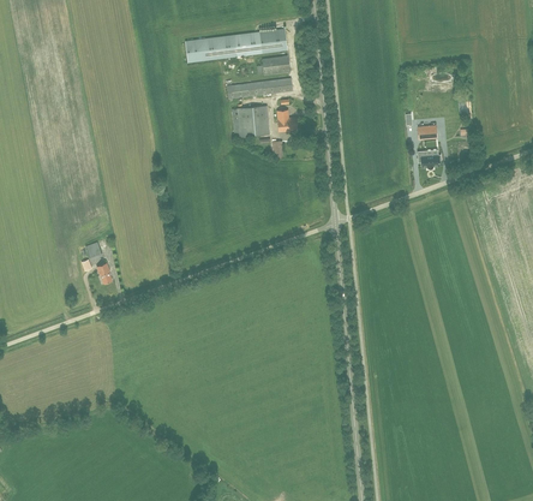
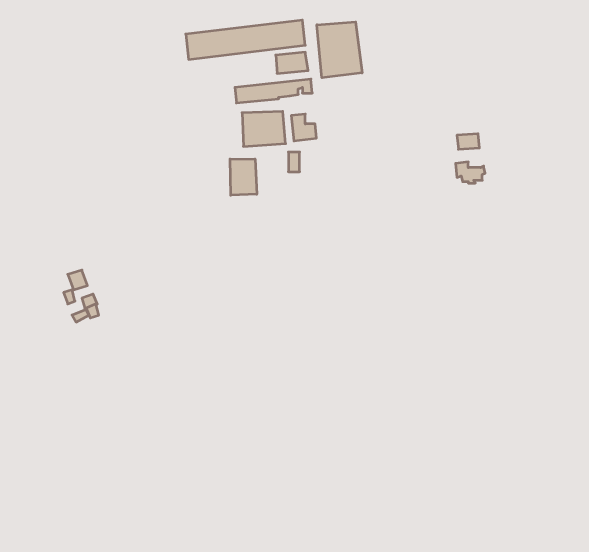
building: none -> [317,22,362,78]
building: none -> [230,159,257,195]

